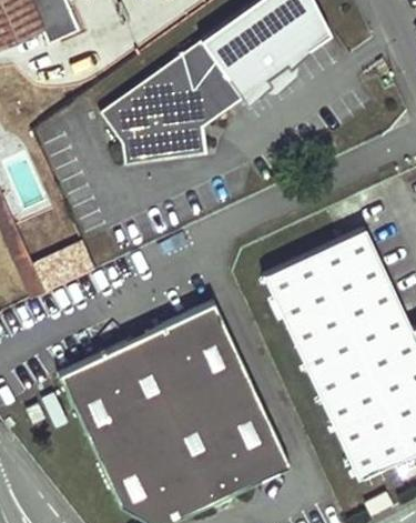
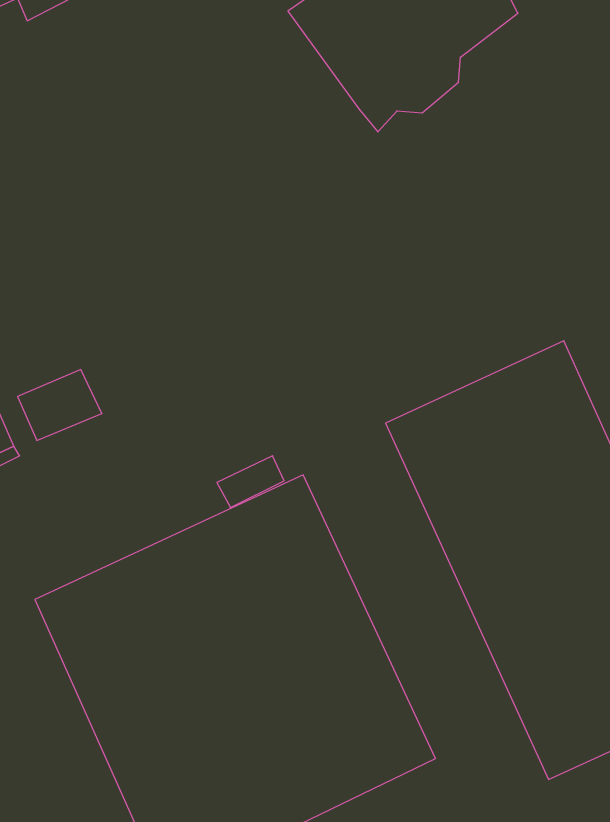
building: [104,36,246,160] -> none

